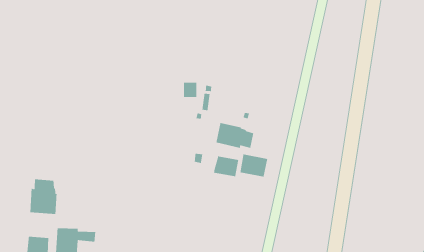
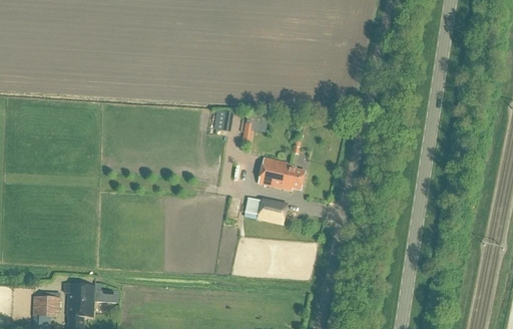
building: [240,153,268,178] -> none
building: [29,179,57,215] -> none

